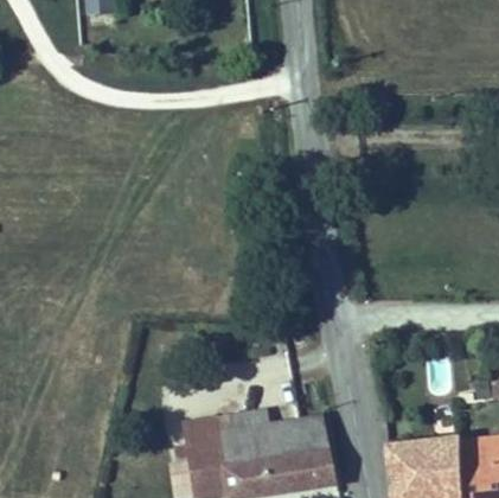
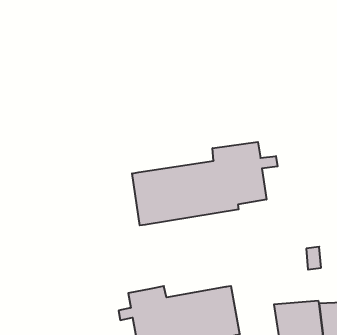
building: none -> [132,142,278,225]

